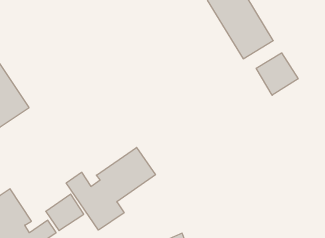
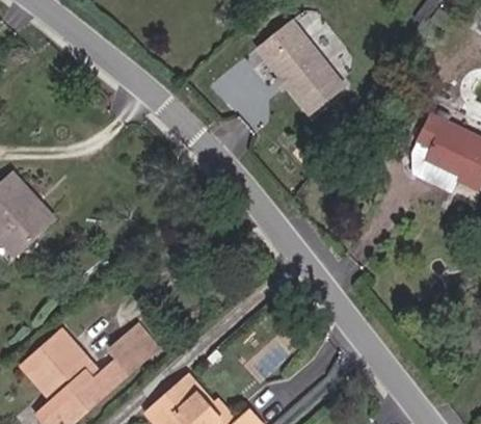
building: [256,53,298,95] -> none
building: [66,147,155,230] -> none

